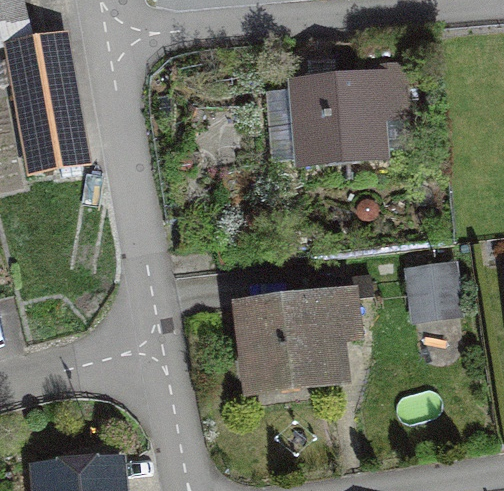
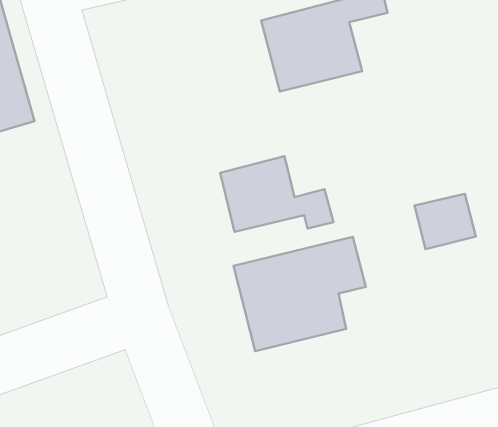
building: none -> [220,156,333,232]

